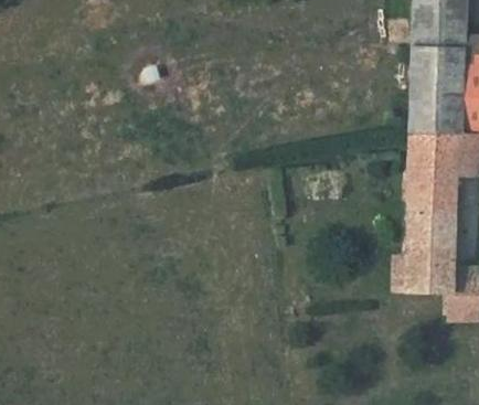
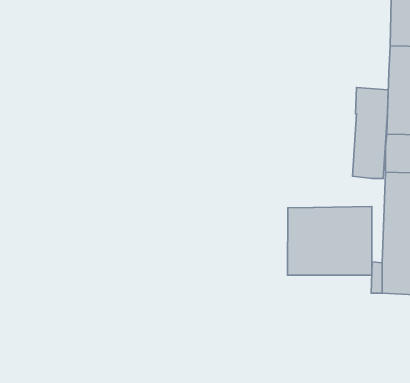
building: none -> [352,87,388,179]
building: none -> [288,207,372,275]

